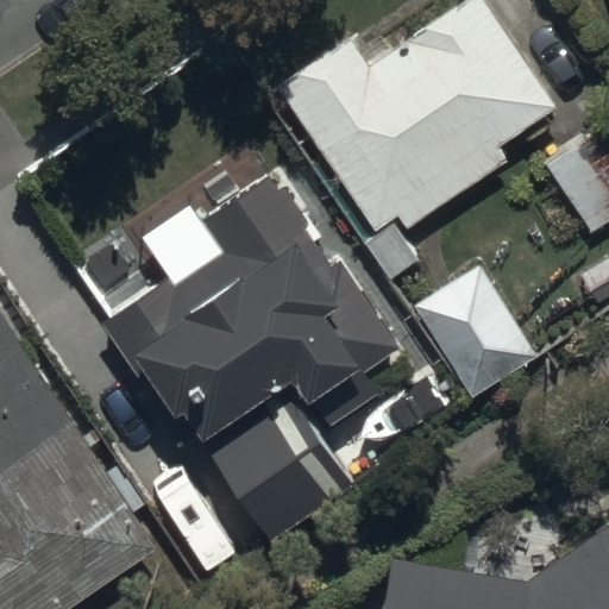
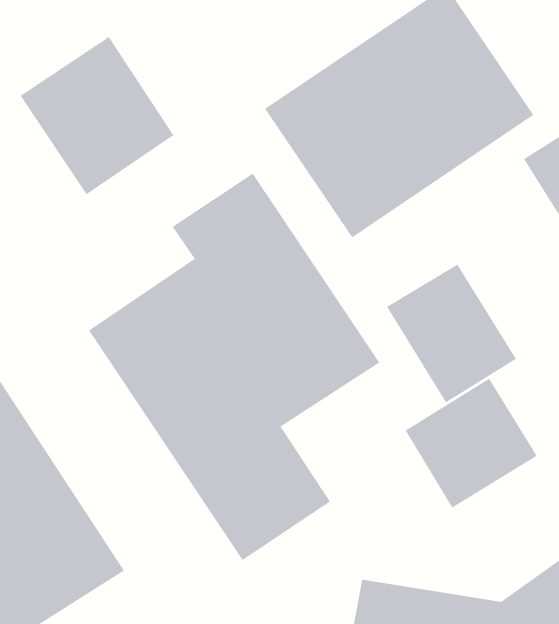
building: none -> [20,36,174,195]
building: none -> [405,378,538,509]

